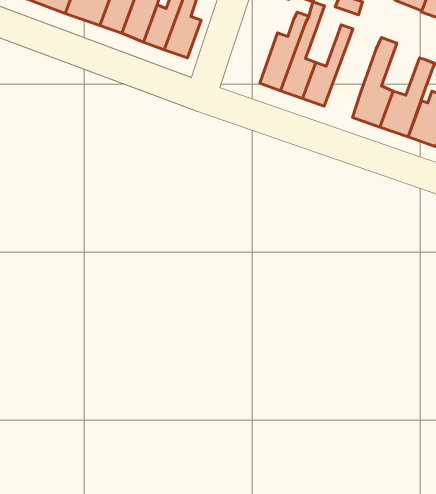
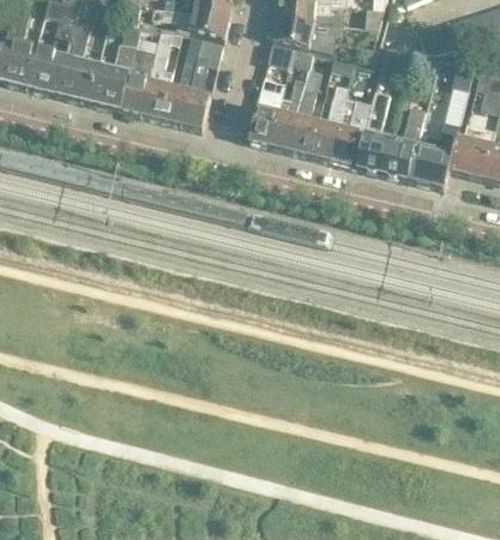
building: none -> [249,76,284,143]
building: none -> [330,95,371,163]

